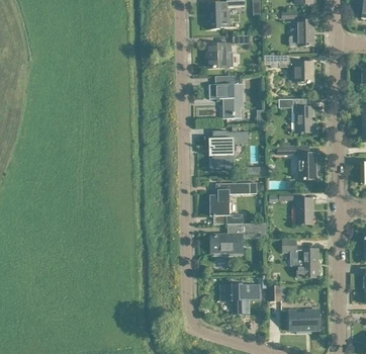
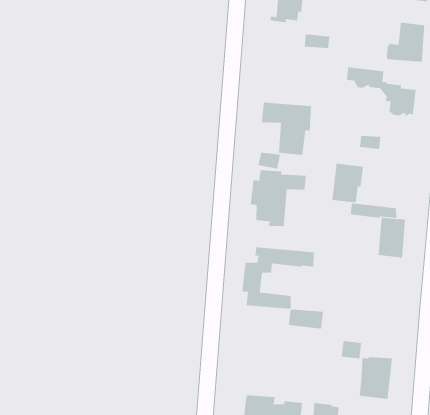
building: [207,42,233,67] -> none
building: [294,106,313,131] -> [332,163,364,203]
building: [295,197,313,224] -> none
building: [210,233,242,251] -> none

